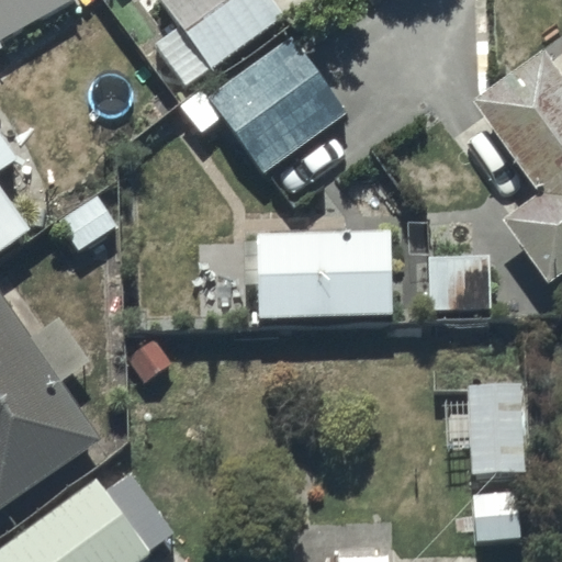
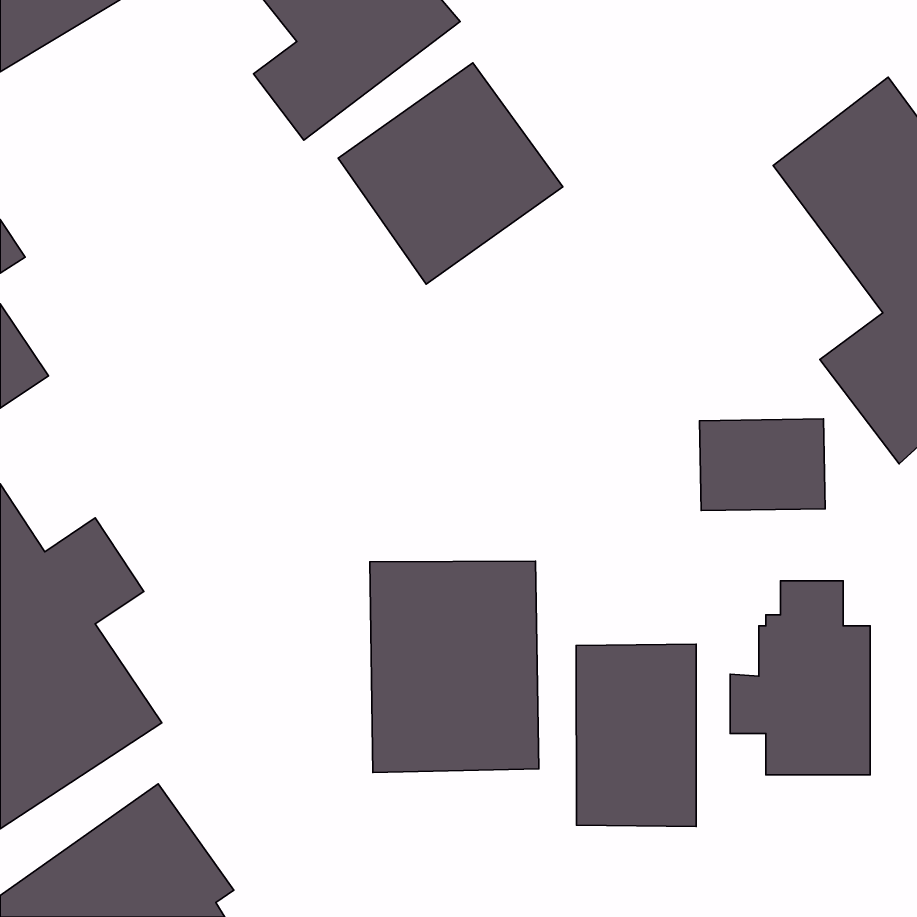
building: [255,231,390,313] -> none
building: none -> [370,561,539,772]
building: none -> [576,644,696,827]

